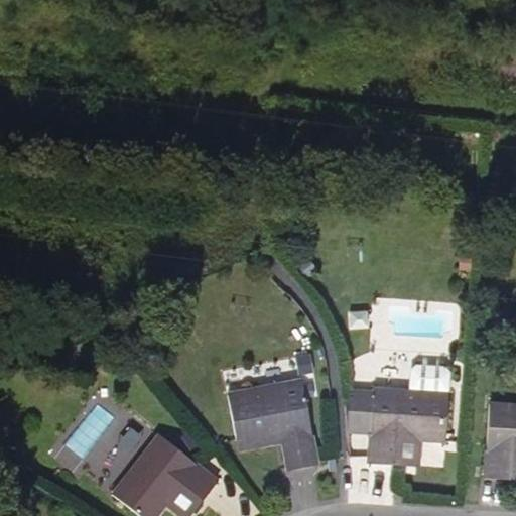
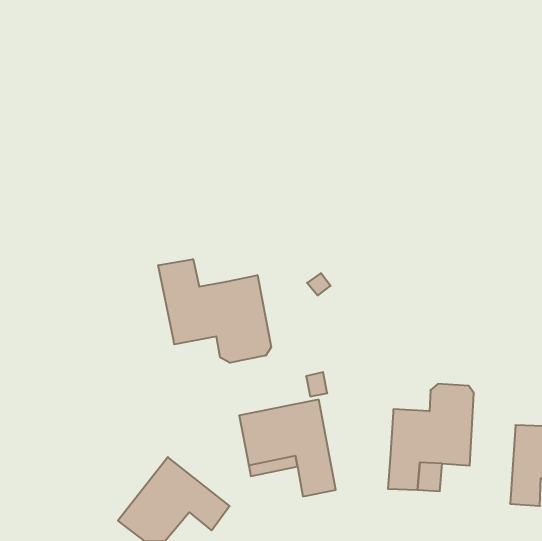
building: none -> [158,259,271,363]
building: [343,389,374,434] -> none

